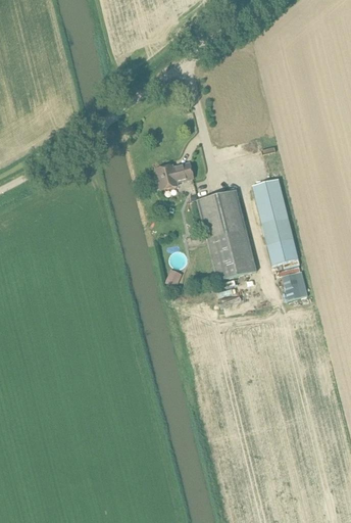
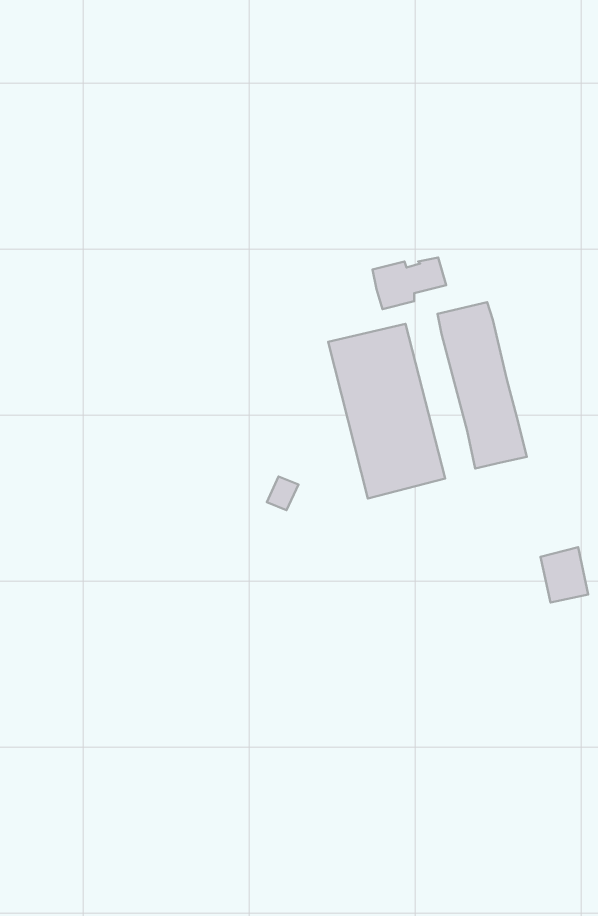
building: [155,161,193,188] -> [373,258,446,309]
building: [282,270,306,298] -> [540,547,588,603]

